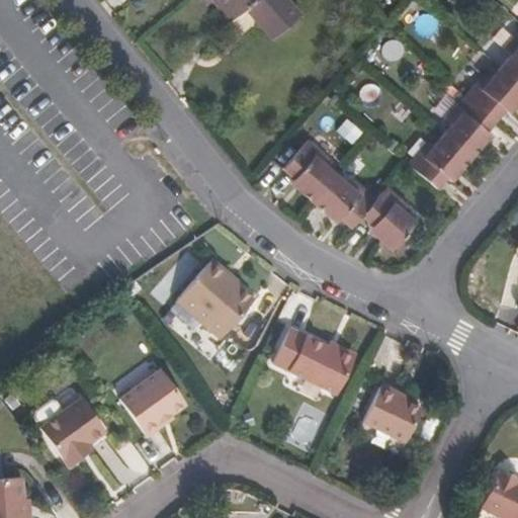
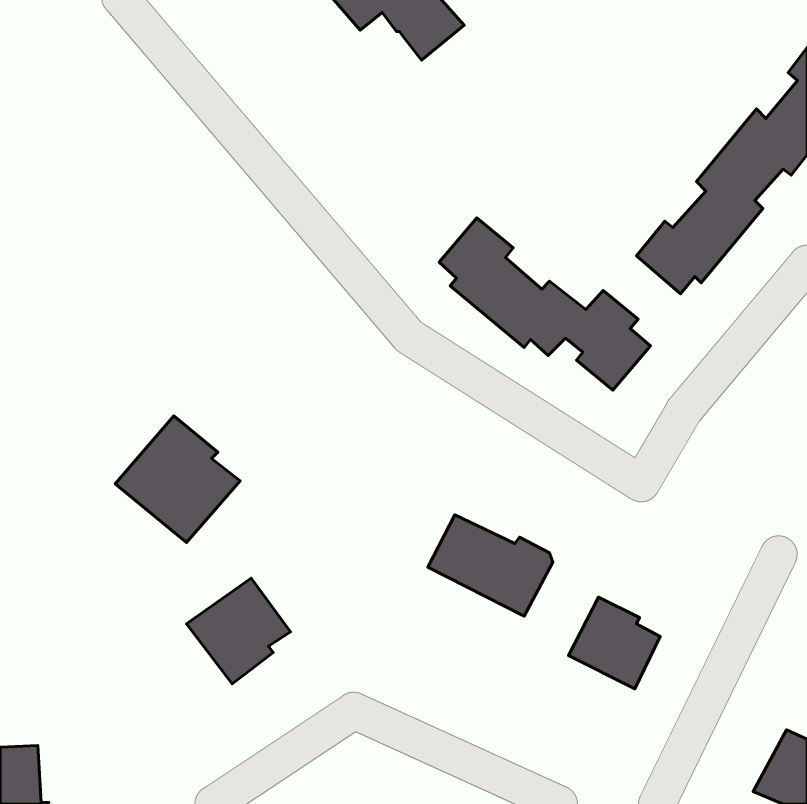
building: [177,258,257,339] -> [115,416,240,542]
building: [36,400,108,469] -> none

